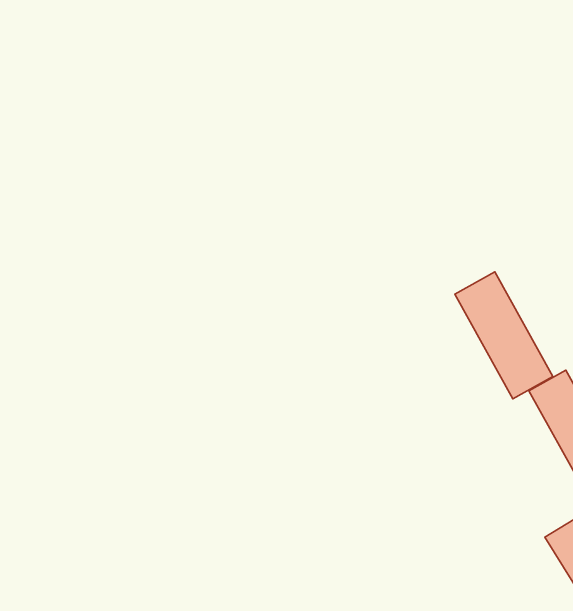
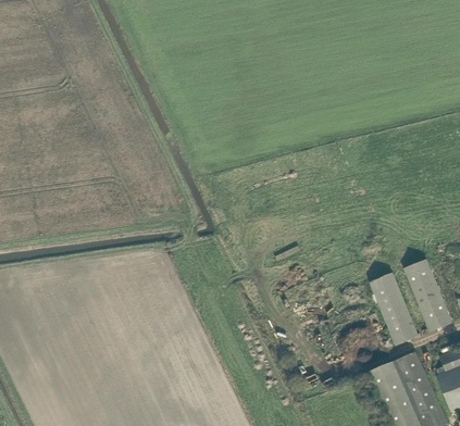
building: [455,272,553,399] -> none

